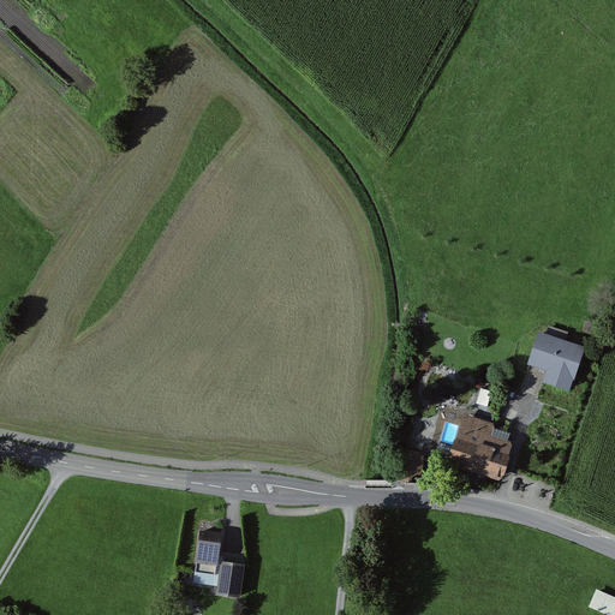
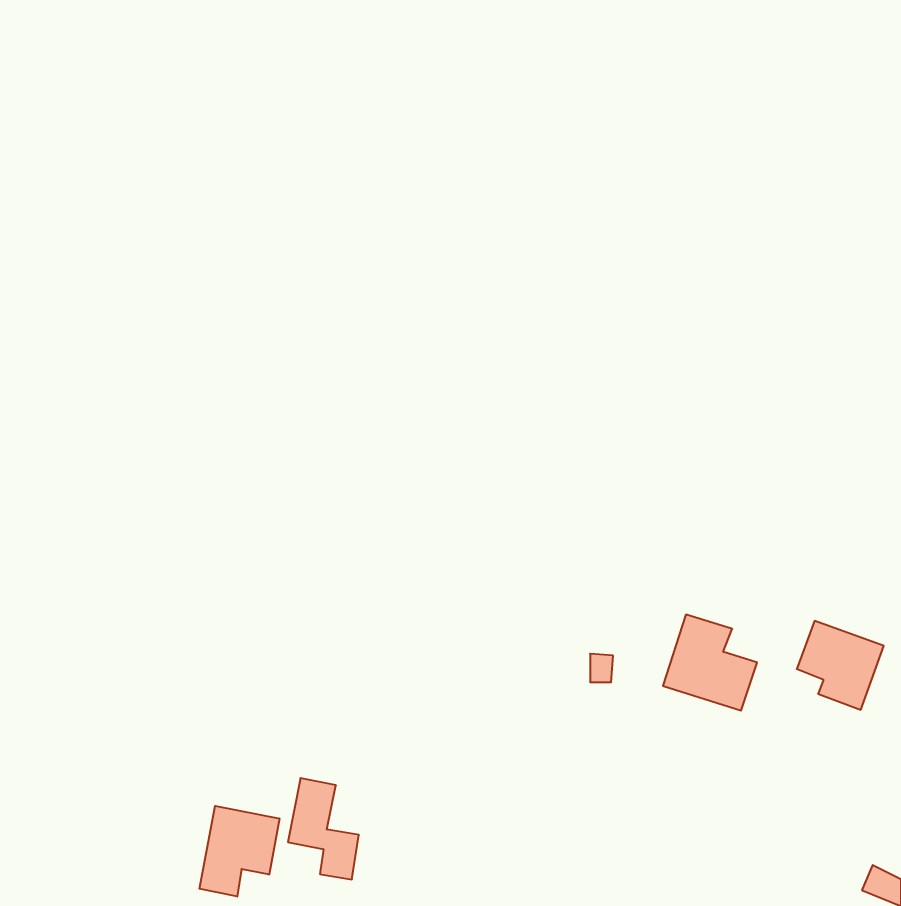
building: [527,330,586,390] -> [797,621,884,710]
building: none -> [199,806,279,897]

